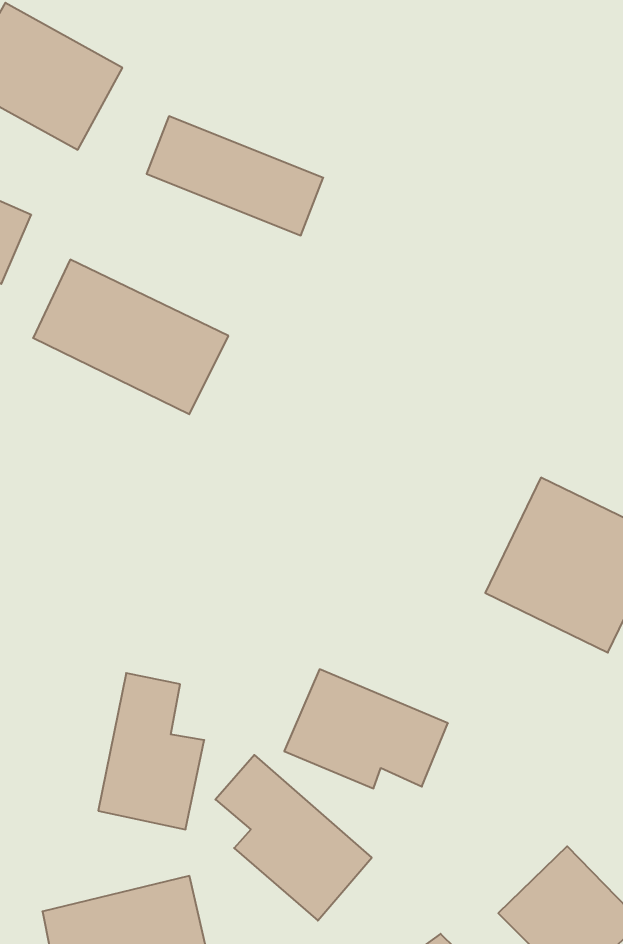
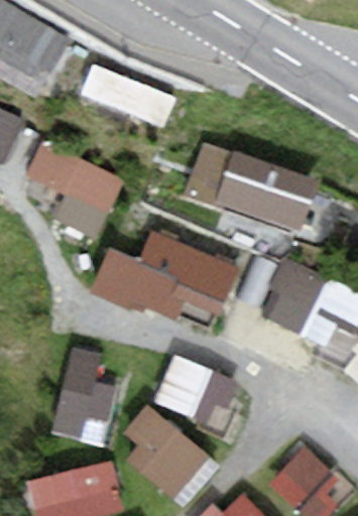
building: none -> [182,138,321,233]
building: none -> [88,229,240,318]

